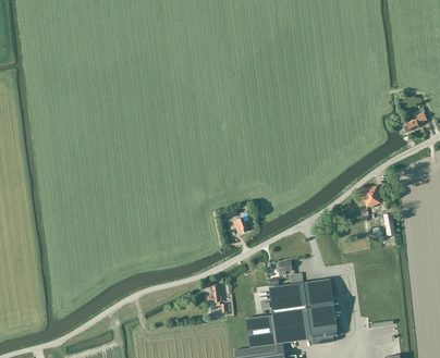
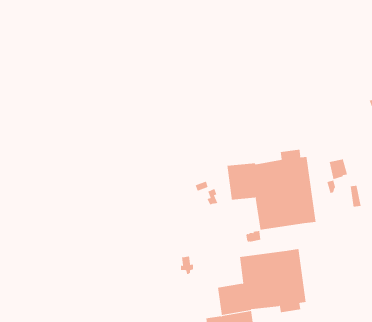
building: none -> [227,149,316,230]

